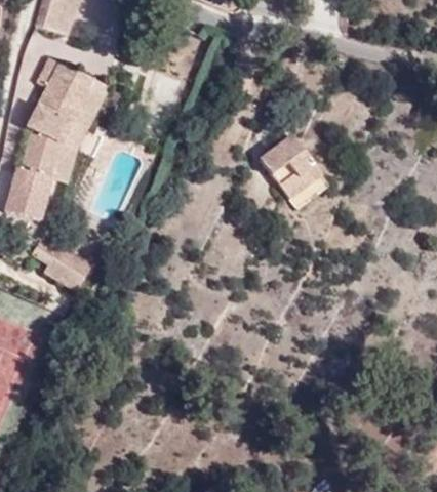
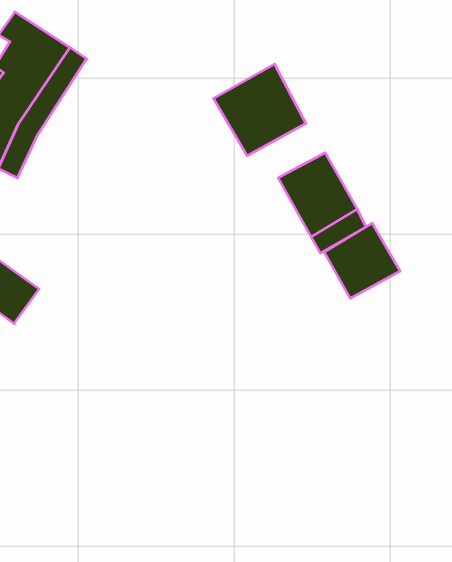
building: none -> [213,64,306,156]
building: none -> [324,223,400,298]

